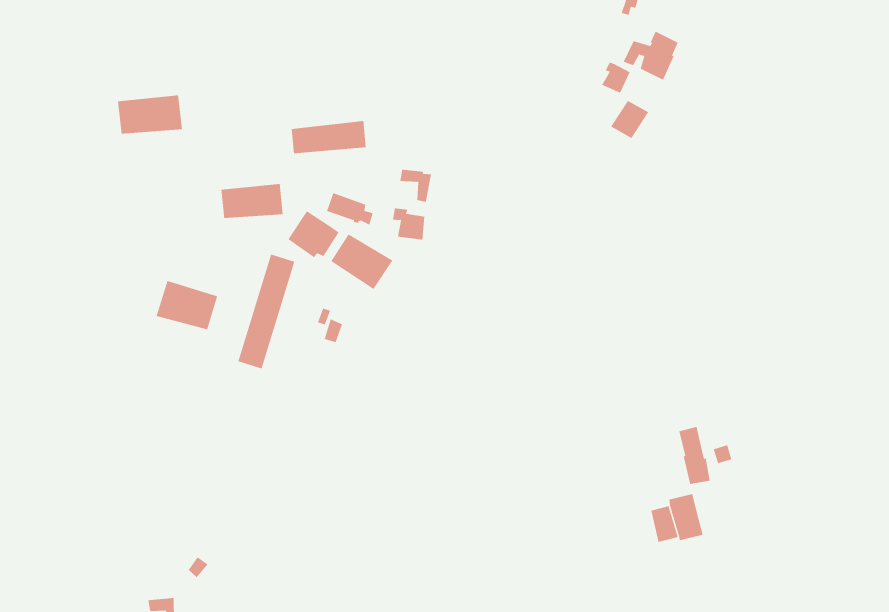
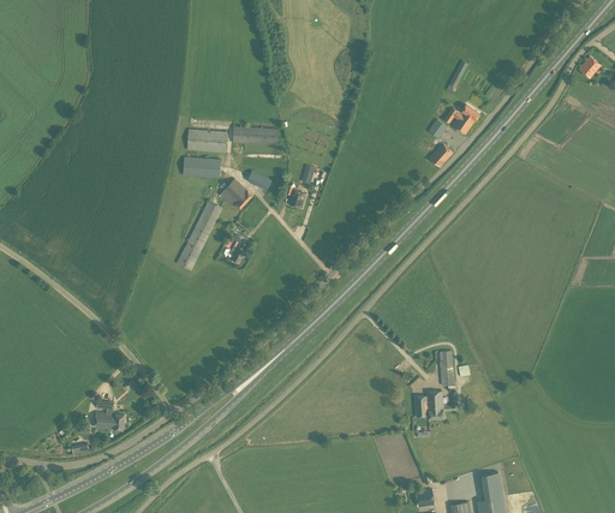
building: [117,95,183,134] -> [186,129,226,153]
building: [330,234,393,290] -> none
building: [156,280,218,330] -> none

